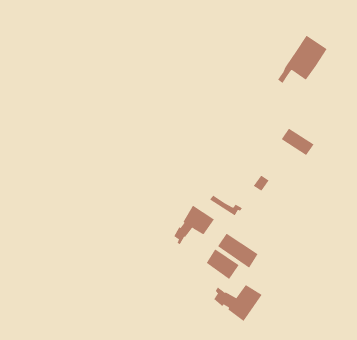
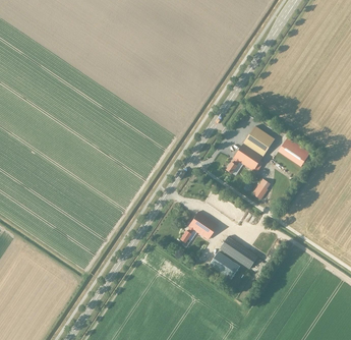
building: [277,35,328,84] -> [228,127,274,172]
building: [214,284,262,322] -> none

